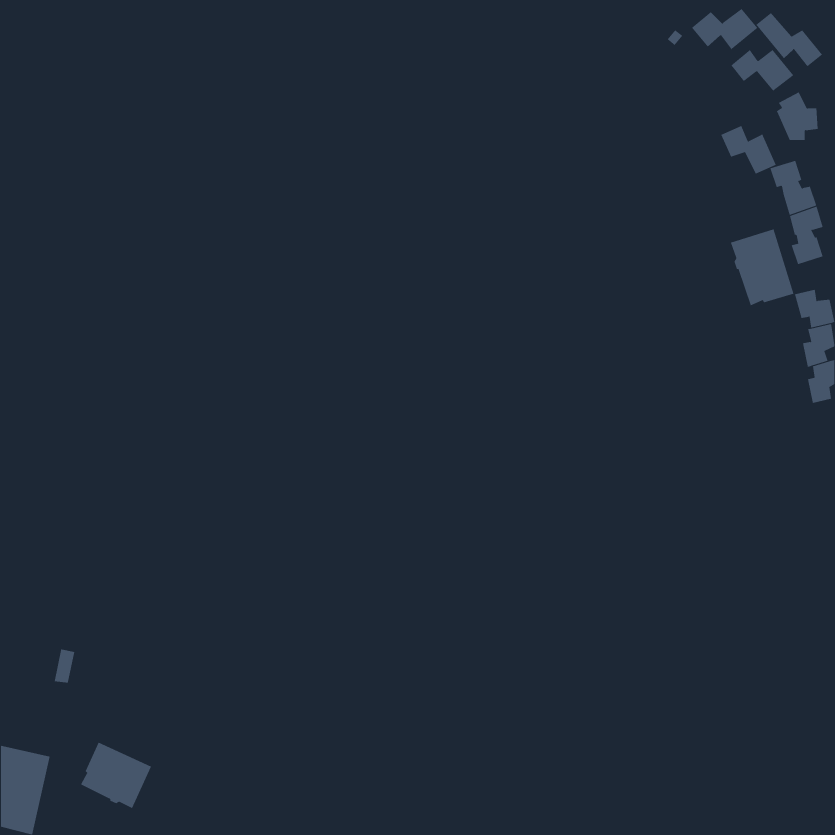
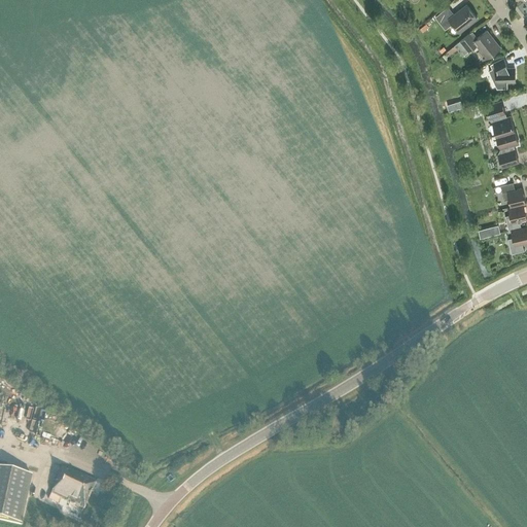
building: [755,12,823,67] -> none
building: [721,125,777,175] -> none
building: [730,228,794,306] -> none

